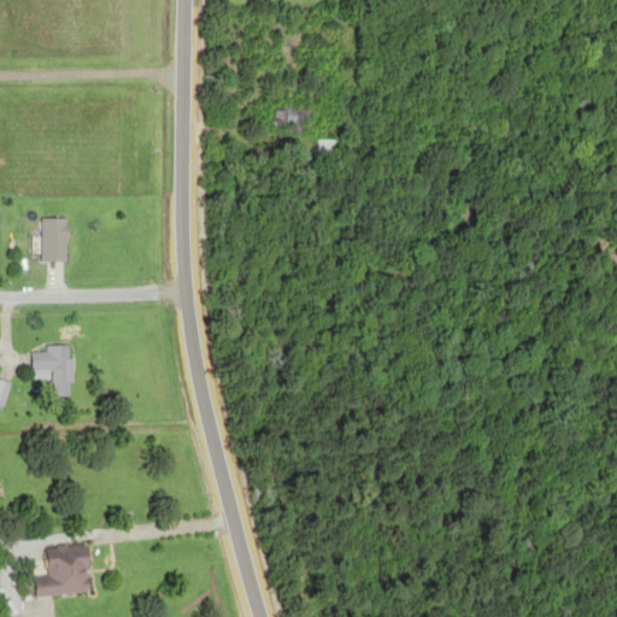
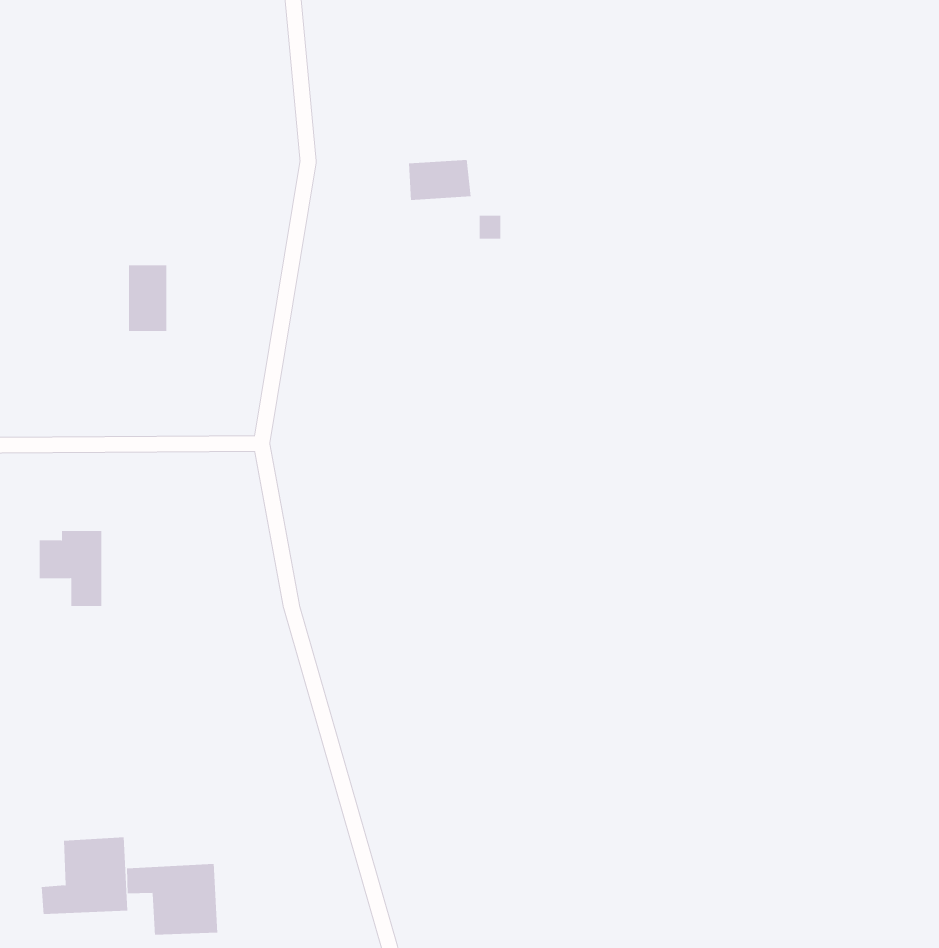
building: [41,218,66,262] -> [128,265,167,331]
building: none -> [126,863,218,936]

